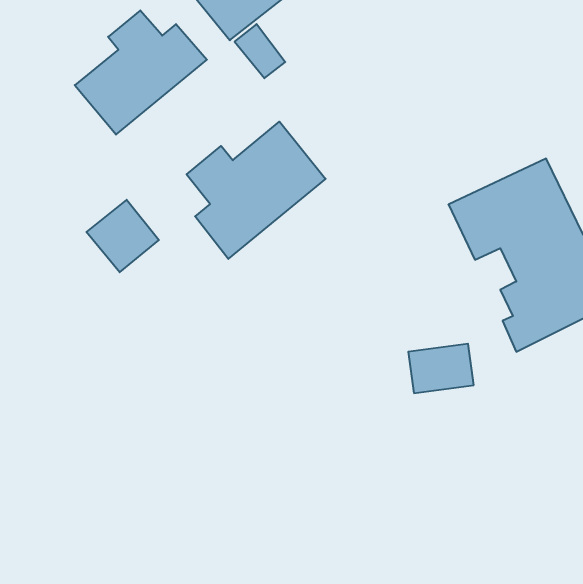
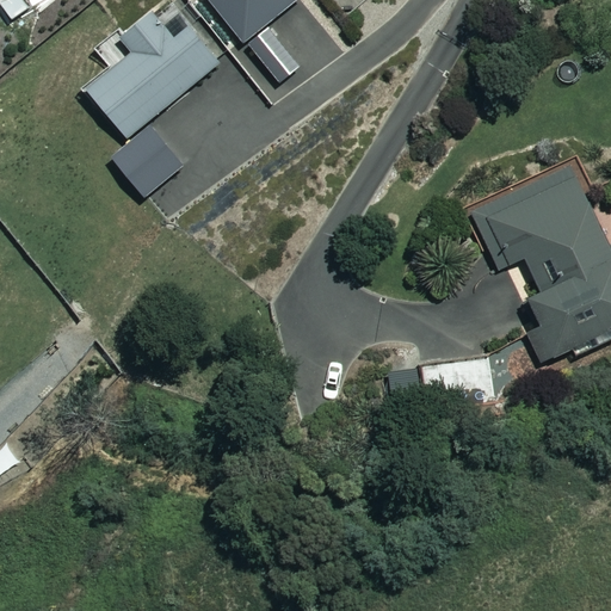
building: [187,122,326,259] -> none
building: [86,200,159,272] -> [109,123,184,198]

